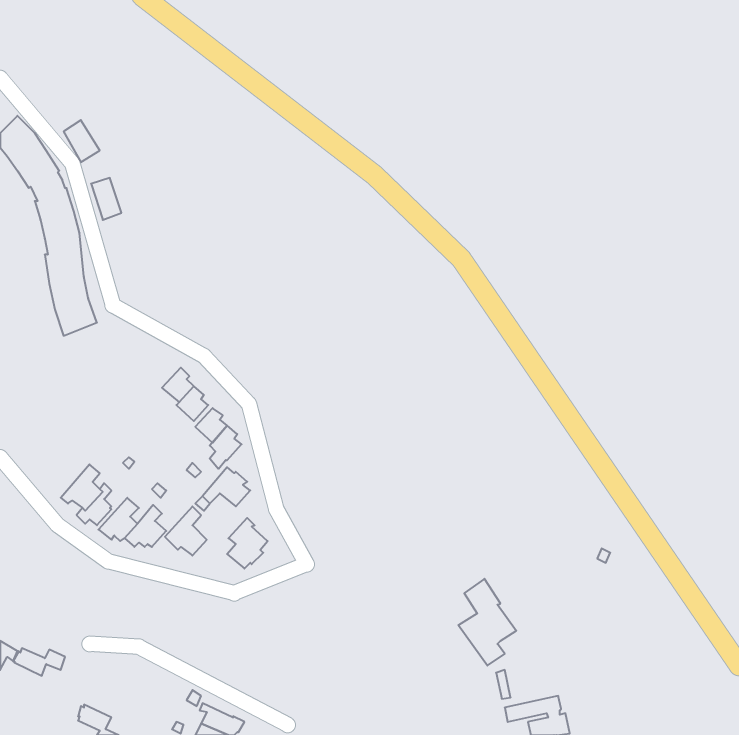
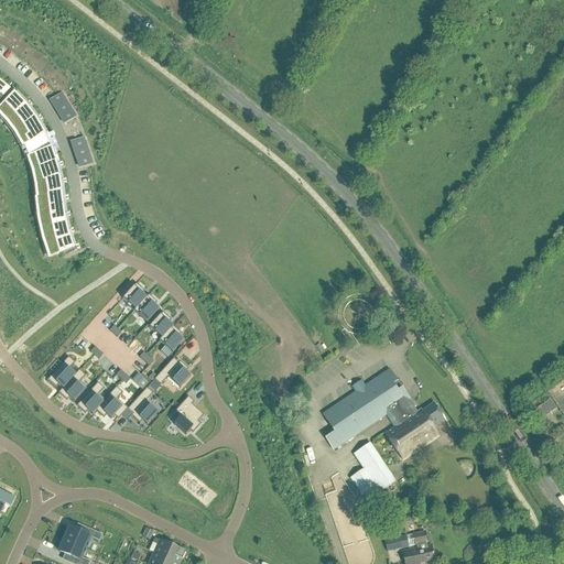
building: none -> [322,368,444,458]
building: [13,648,65,676] -> [63,525,102,546]

